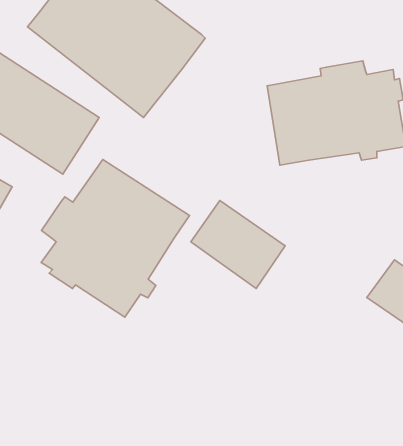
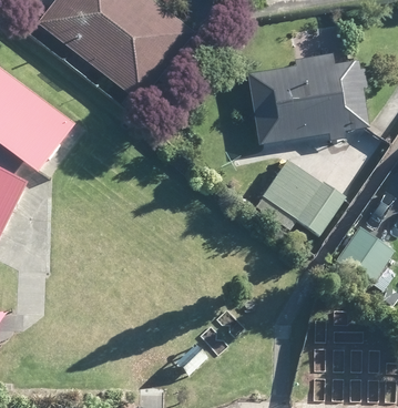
building: [41,159,189,317] -> none
building: [191,200,285,289] -> [262,161,345,238]

